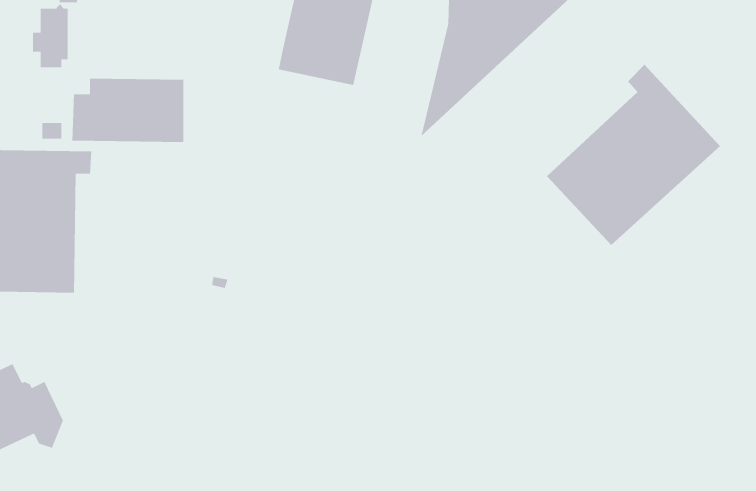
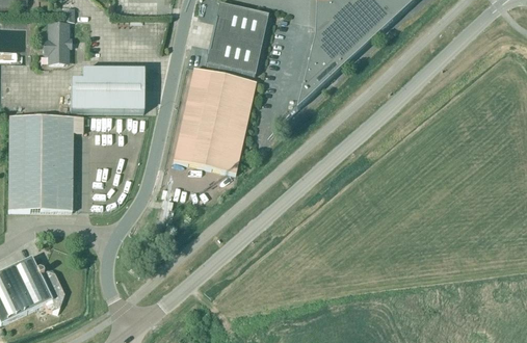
building: [546,64,721,246] -> none
building: none -> [173,68,256,174]

